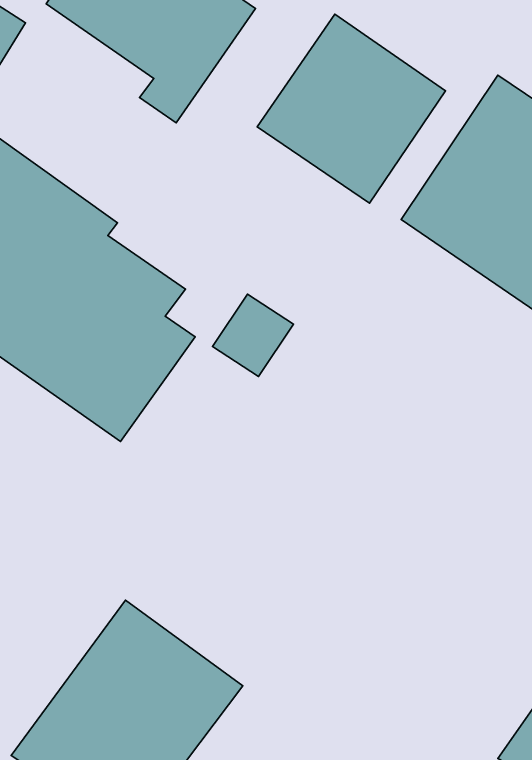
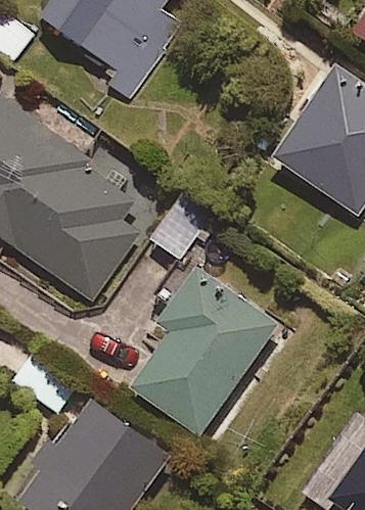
building: [257,14,446,203] -> none
building: none -> [134,275,272,433]

